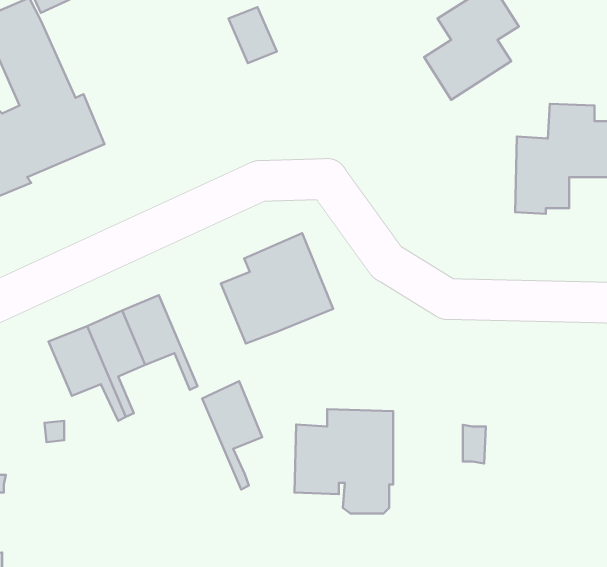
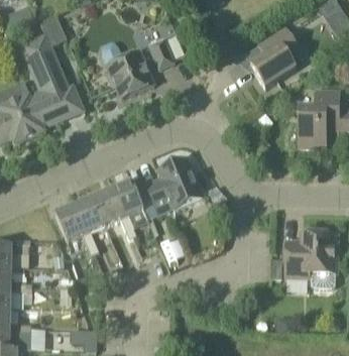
building: none -> [101,40,153,98]
building: [202,381,262,489] -> [112,180,143,236]
building: [294,409,393,514] -> [284,232,336,286]

